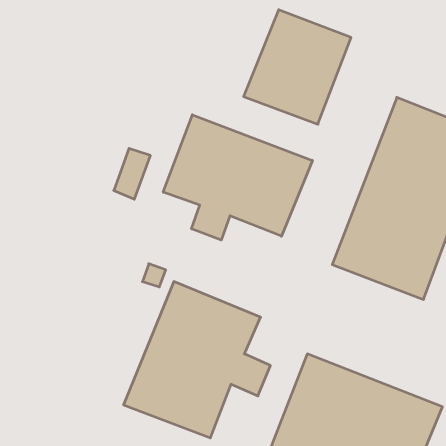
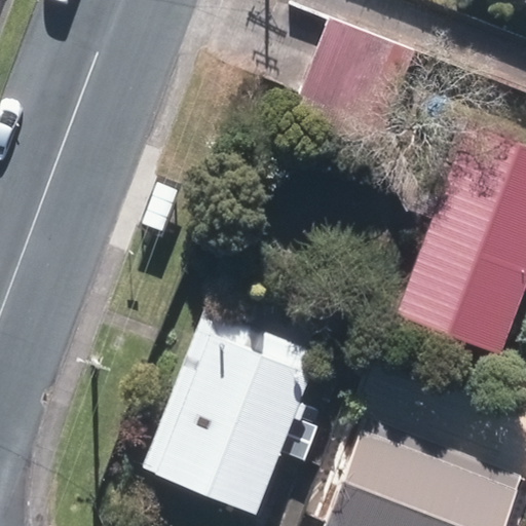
building: [163,115,312,240] -> none

